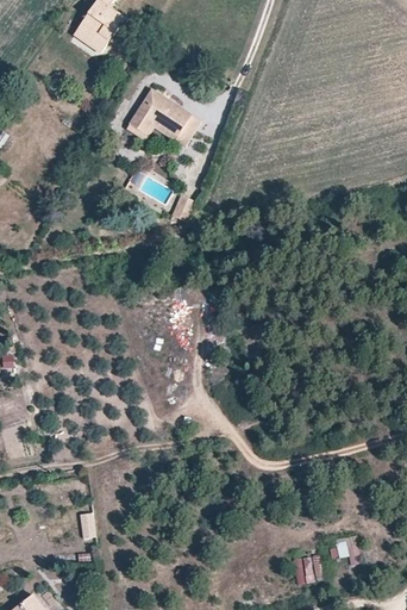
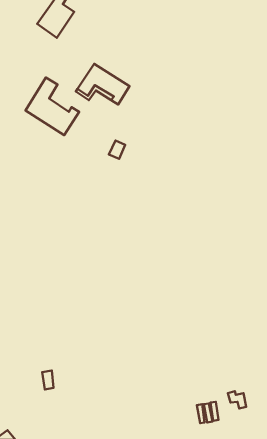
building: none -> [26,78,79,135]

